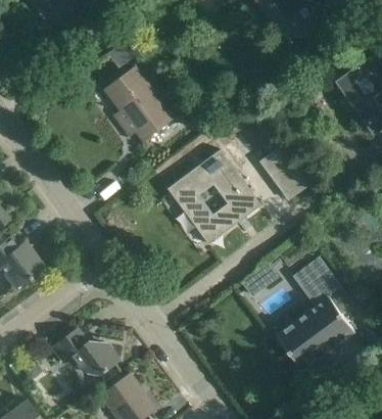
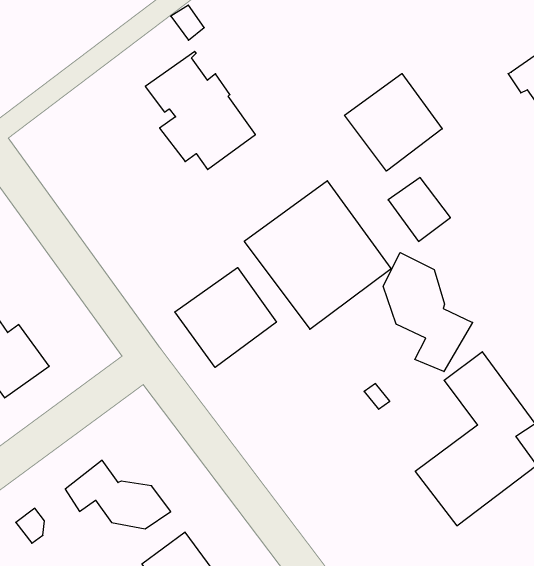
building: none -> [345,74,442,171]
building: none -> [383,253,473,372]
building: none -> [175,268,276,367]

